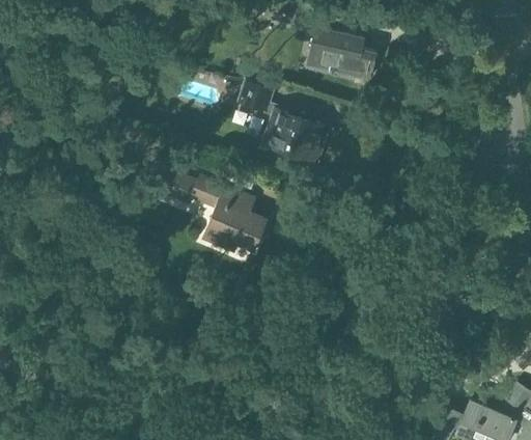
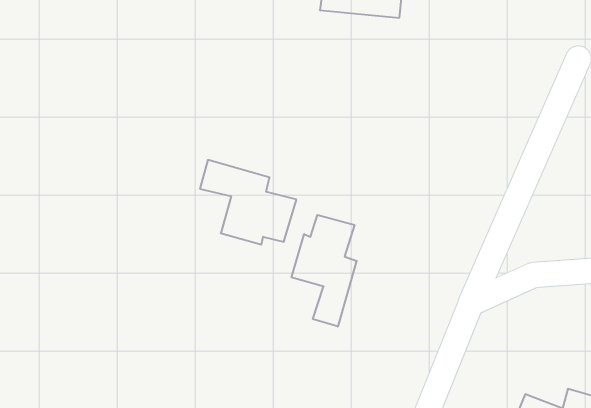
building: [237,84,328,162] -> none
building: none -> [292,215,357,327]

